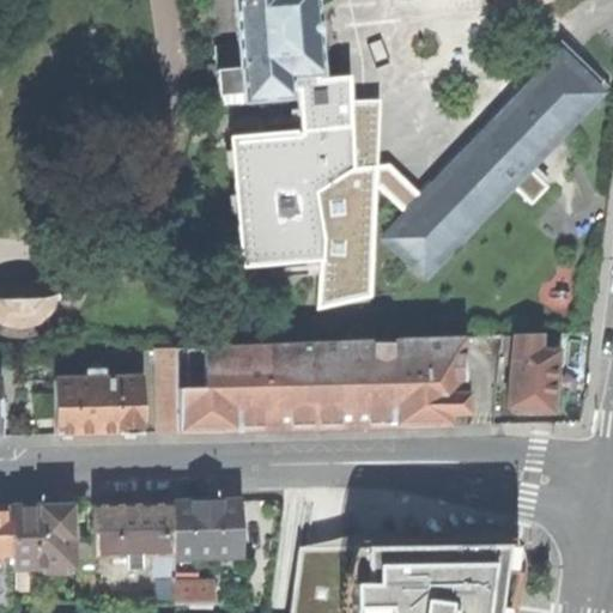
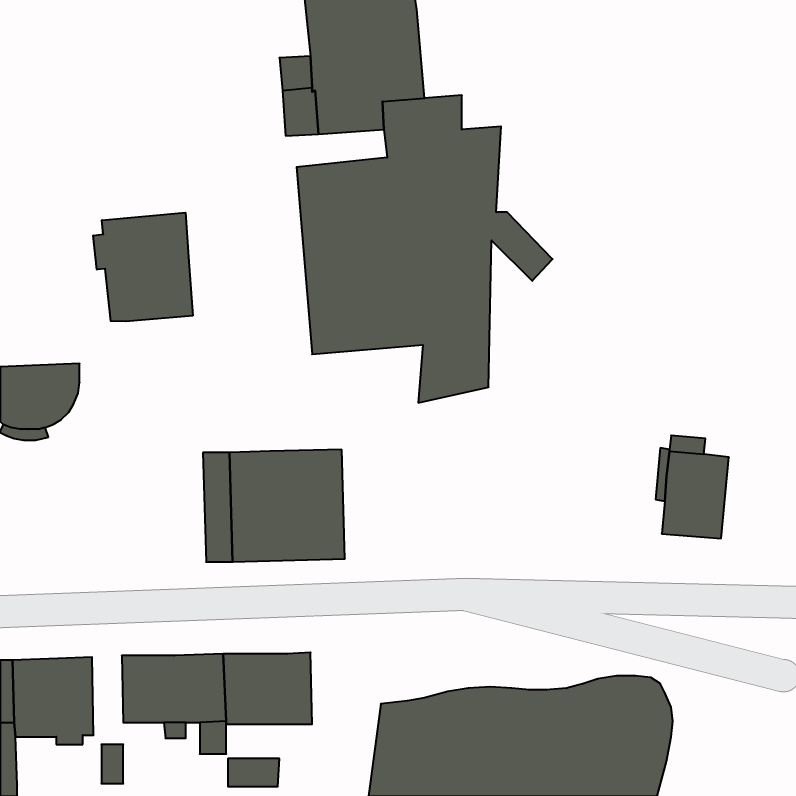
building: [388,55,601,275] -> none
building: none -> [93,213,193,321]
building: [263,338,469,429] -> none
building: [56,377,144,433] -> none

